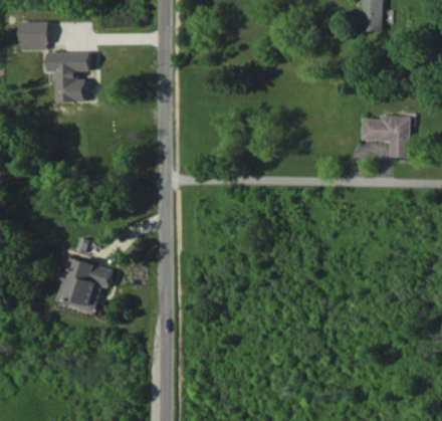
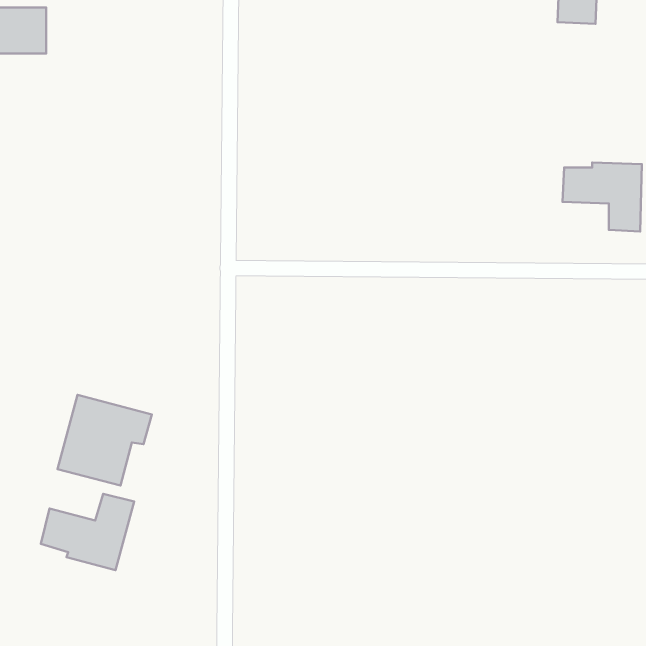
building: [47,52,89,101] -> none
building: none -> [41,494,134,570]

